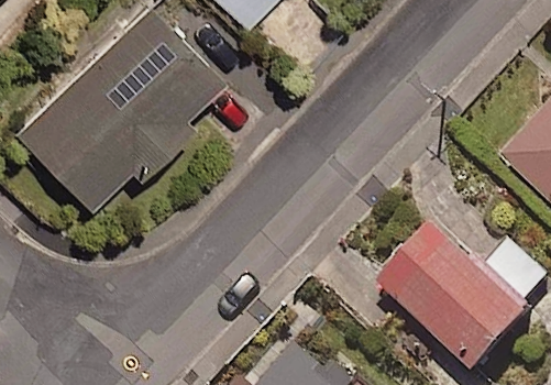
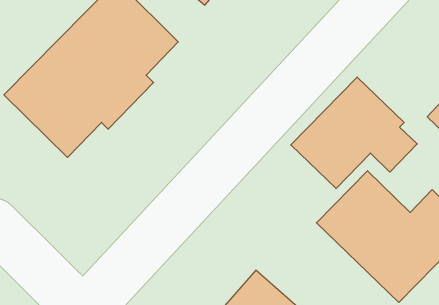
building: none -> [291,77,417,189]

